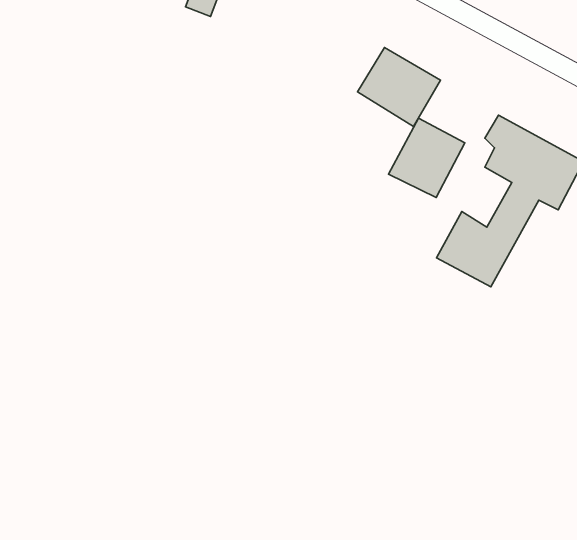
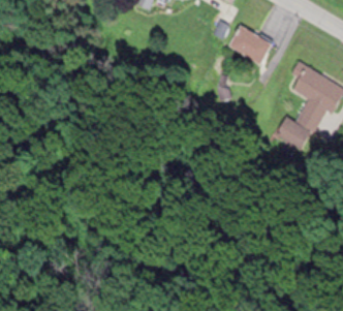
building: [389,118,465,198] -> none

